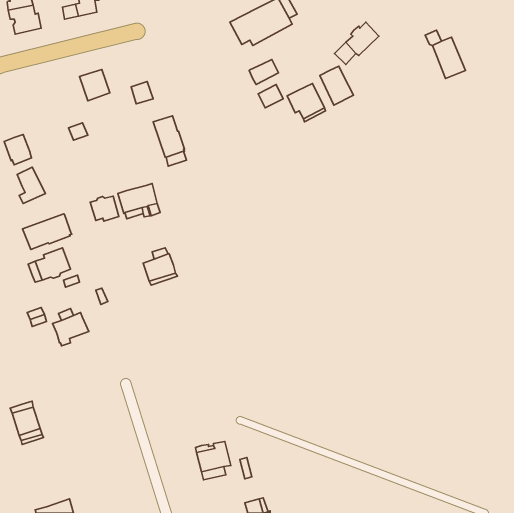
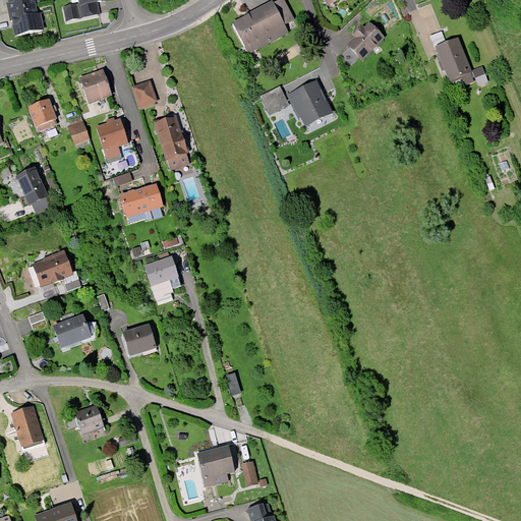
building: [249,60,278,84] -> none
building: [320,66,354,105] -> none
building: none -> [96,119,125,150]
building: [4,135,31,165] -> [28,100,56,130]
building: [90,196,119,221] -> none
building: [22,214,72,250] -> none
building: none -> [121,325,157,354]
building: none -> [74,405,103,432]

